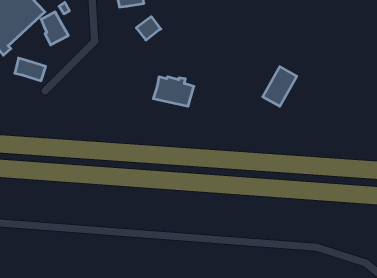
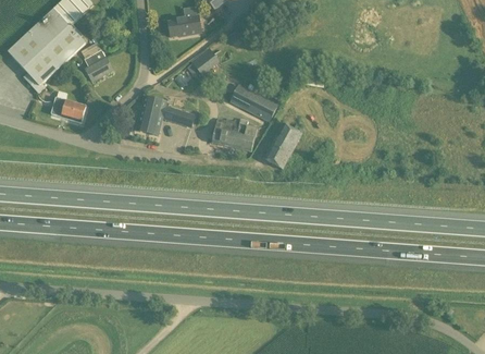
building: none -> [228,83,277,120]
building: none -> [137,95,196,134]
building: [263,67,297,106] -> [263,122,302,168]

